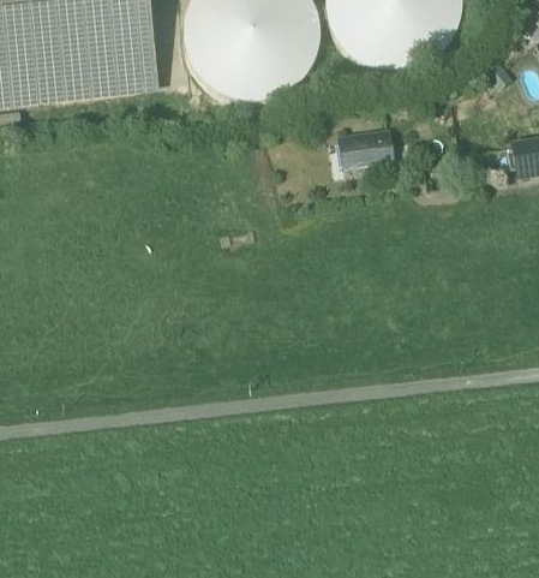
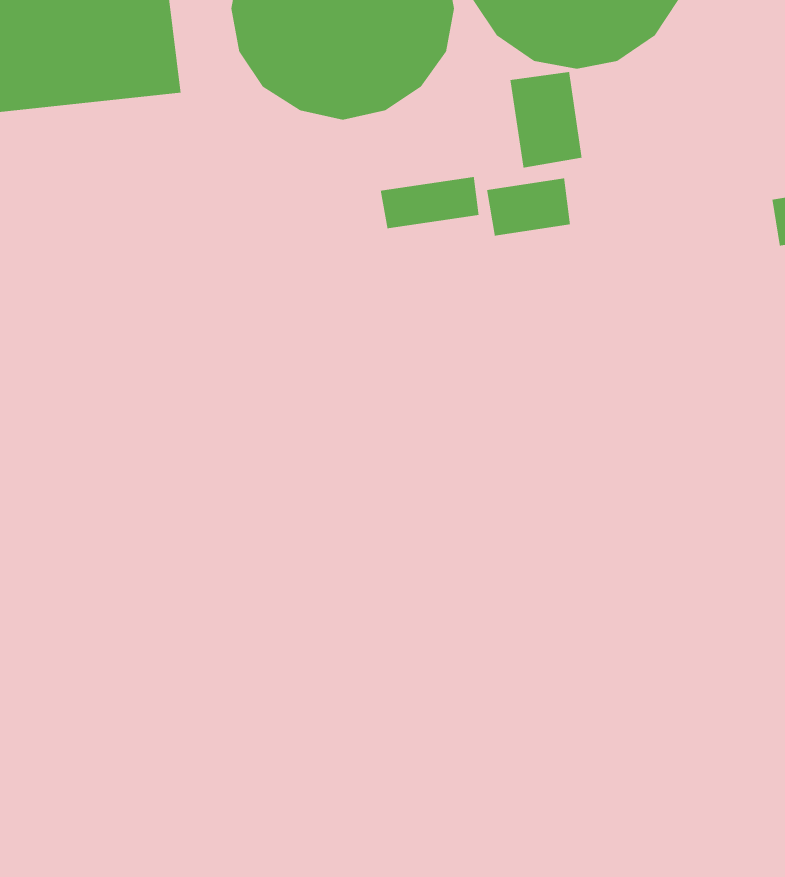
building: none -> [510,71,583,169]
building: none -> [380,176,479,229]

